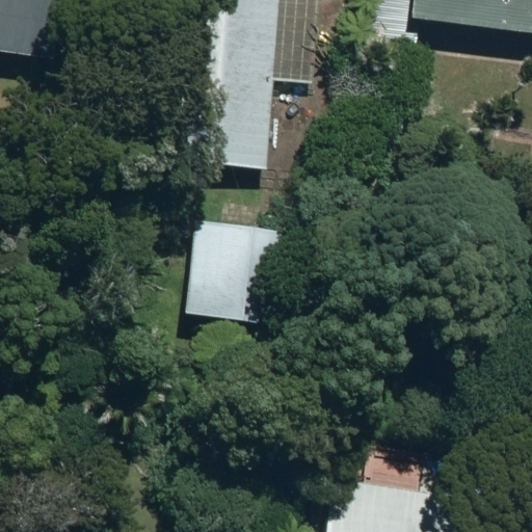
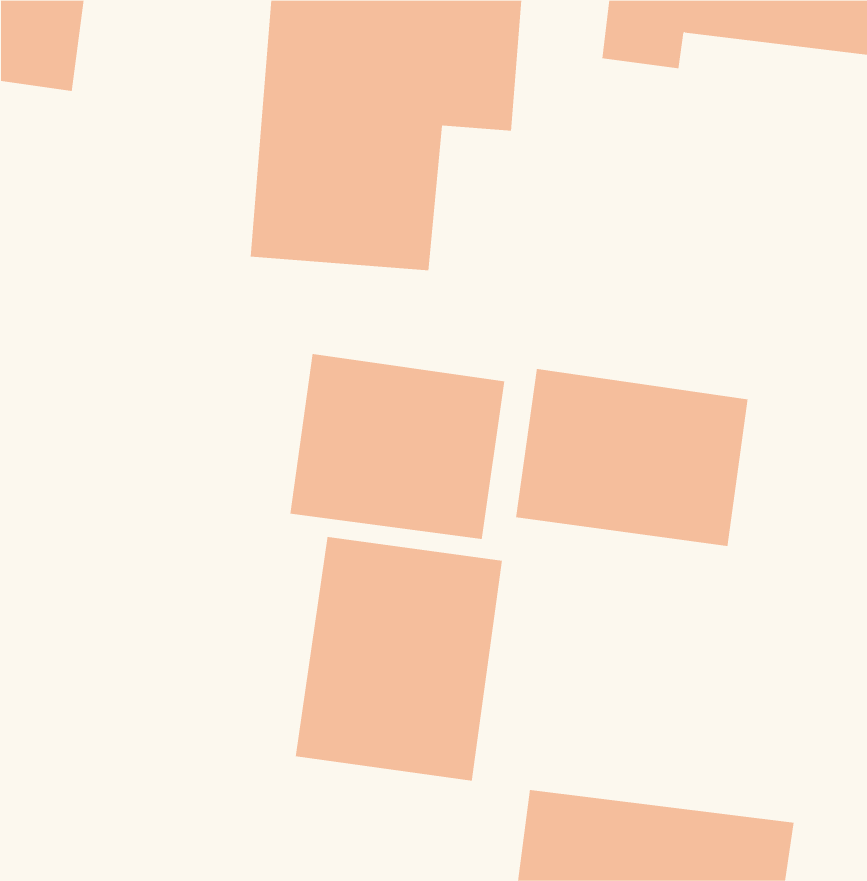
building: none -> [516,368,748,547]
building: none -> [295,536,503,782]

